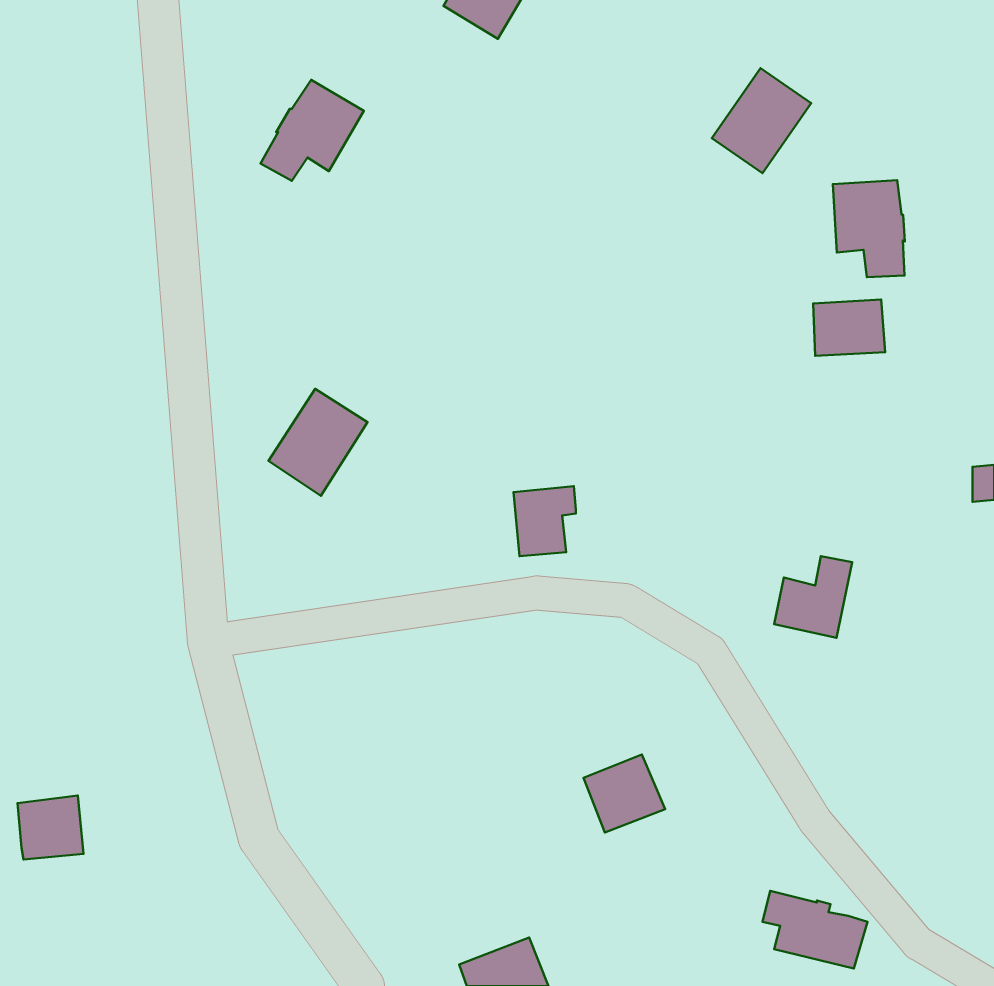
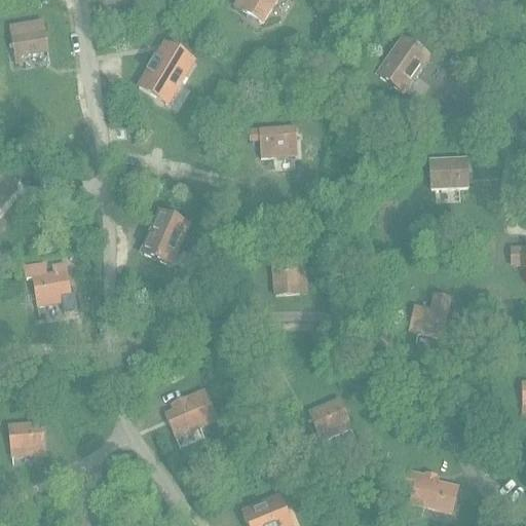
building: none -> [10,20,47,62]
building: [833,180,905,277] -> none
building: none -> [260,125,312,157]
building: none -> [24,262,71,305]
building: none -> [165,392,209,446]

